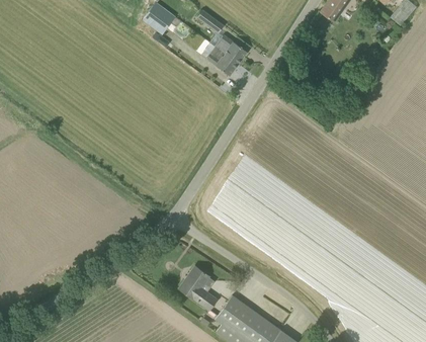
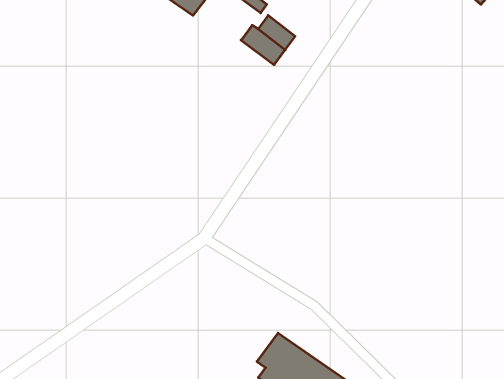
building: [179,266,217,310] -> none

